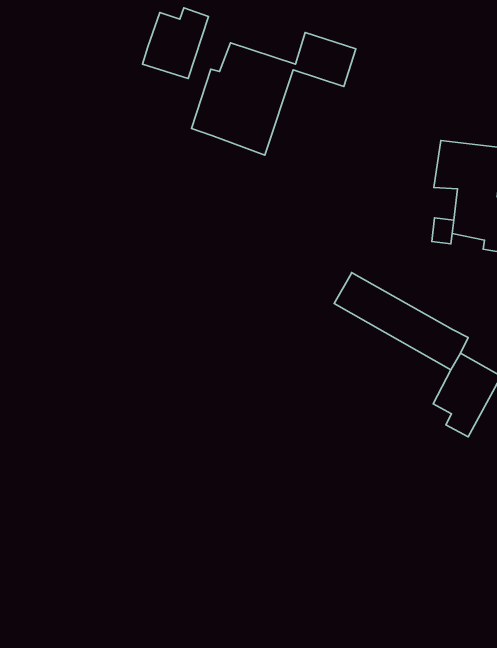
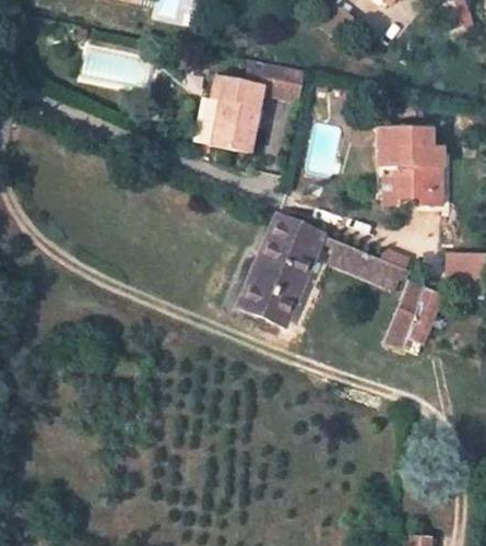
building: [143,8,208,79] -> none
building: none -> [239,215,323,324]

